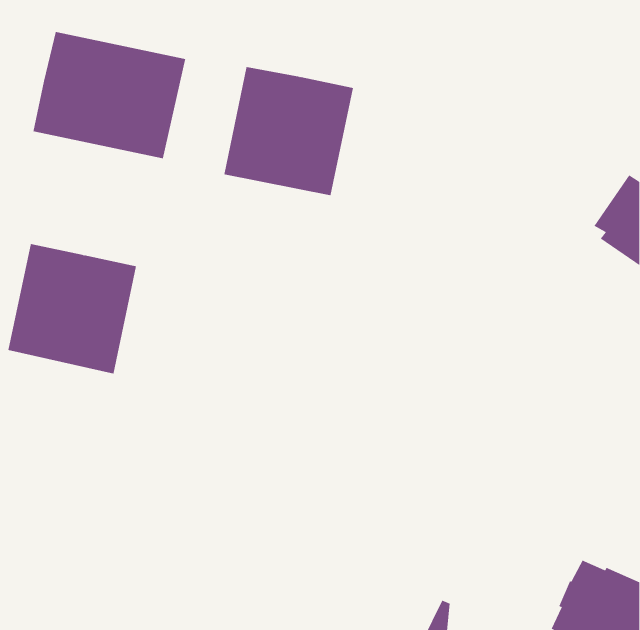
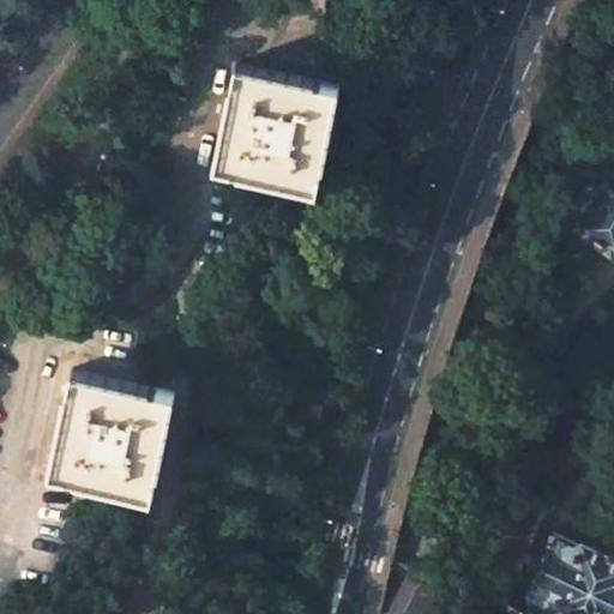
building: [33,31,186,159] -> none
building: [8,244,137,374] -> [49,380,173,505]

